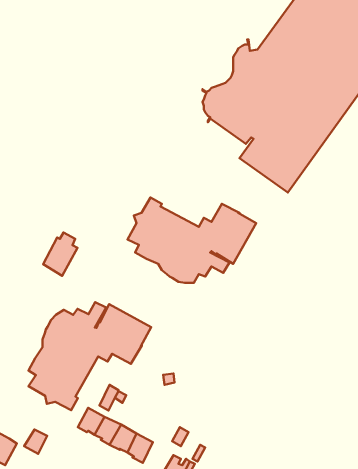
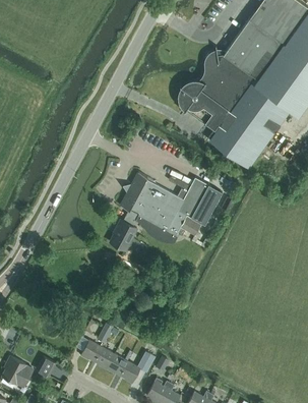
building: [43,232,78,276] -> [111,217,138,251]
building: [28,302,151,410] -> none

